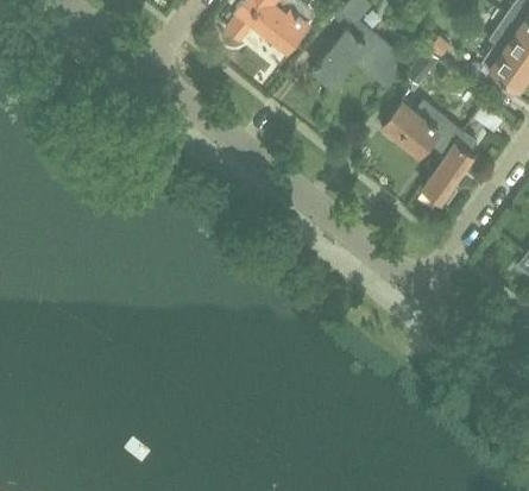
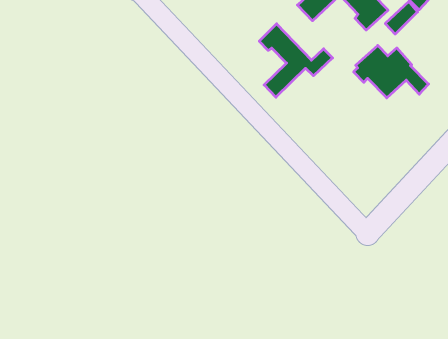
building: none -> [259,24,333,97]
building: [423,134,477,204] -> none

